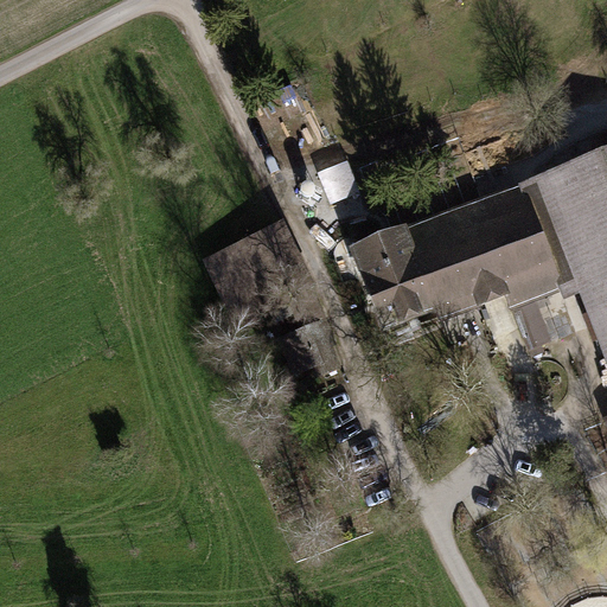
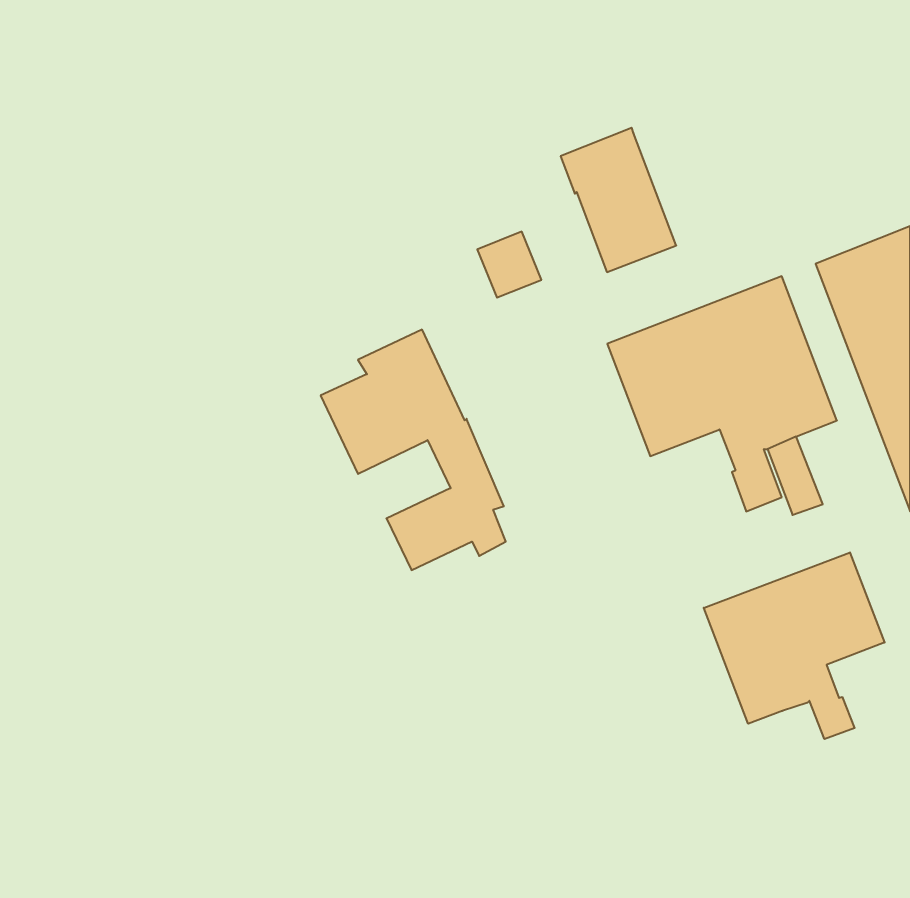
building: [356,225,433,321] -> [561,128,676,272]
building: none -> [704,552,885,739]

